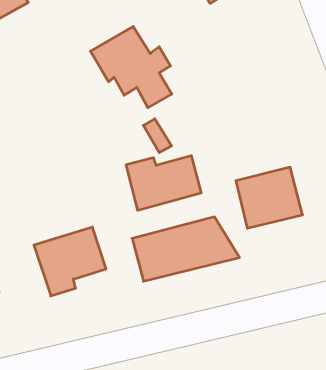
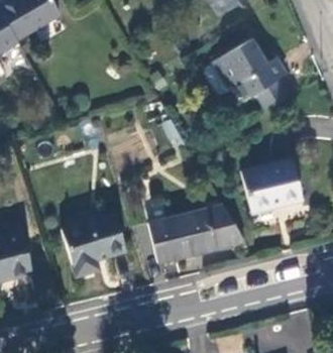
building: [90,26,172,108] -> [213,38,286,111]
building: [126,156,201,210] -> none

